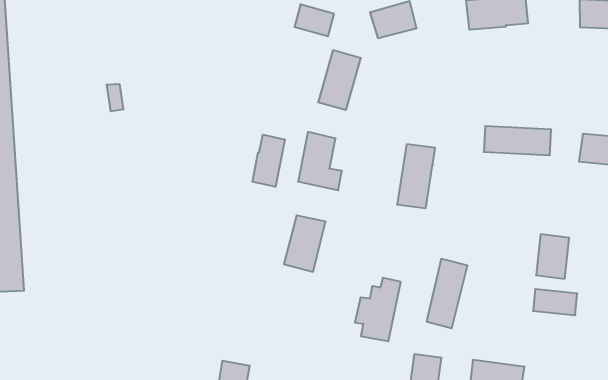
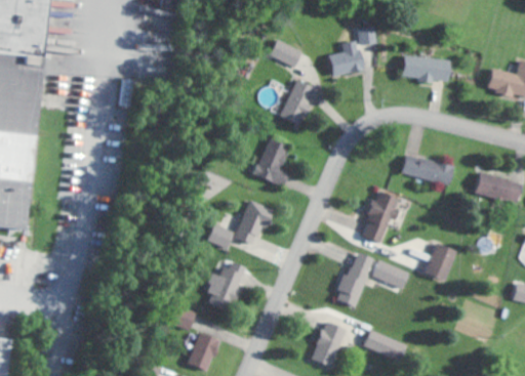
building: [252,135,285,187] -> none
building: [397,144,435,208] -> [361,192,397,243]
building: none -> [207,224,234,250]
building: [355,278,401,341] -> [205,260,245,309]
building: [533,289,577,315] -> [372,262,408,287]

